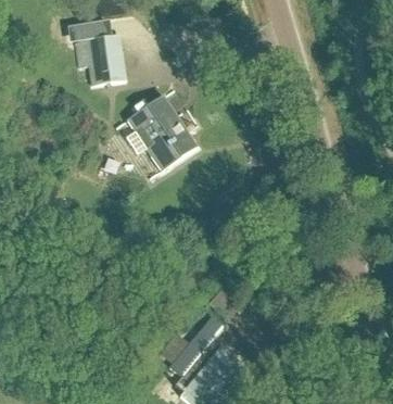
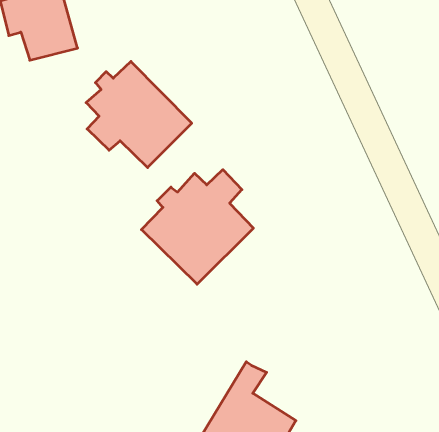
building: none -> [141,170,253,284]

